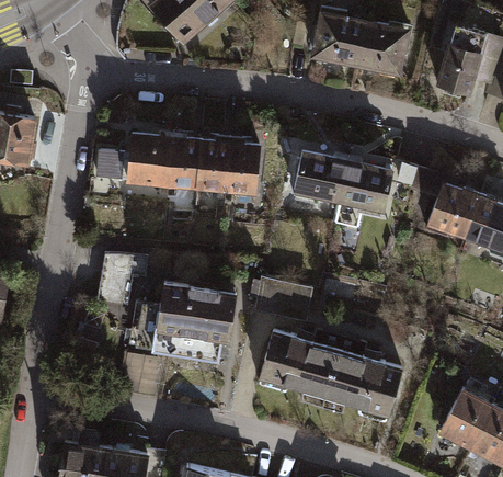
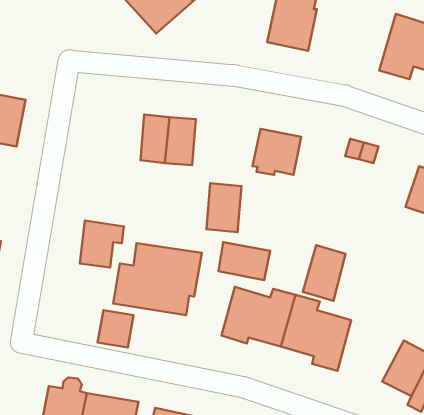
building: [355,16,414,73] -> none
building: [96,132,171,186] -> none
building: [225,140,264,195] -> [206,183,242,232]
building: [339,160,393,216] -> none
building: [425,184,480,241] -> none
building: none -> [303,245,346,301]

